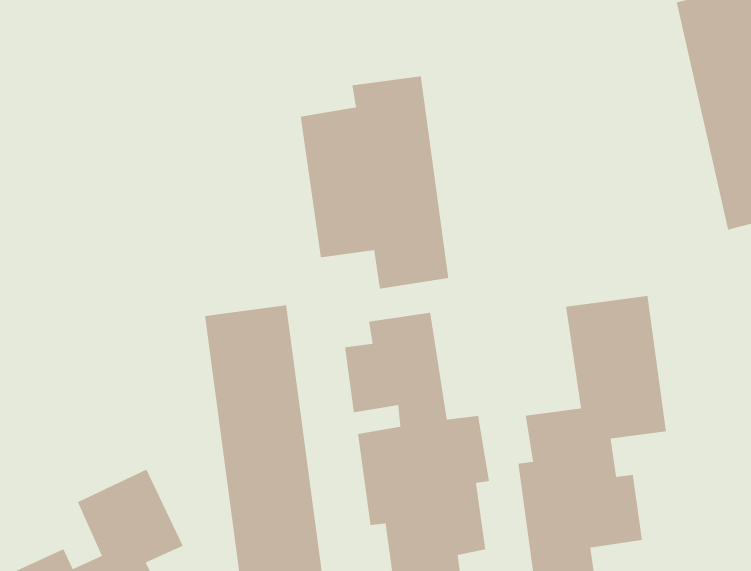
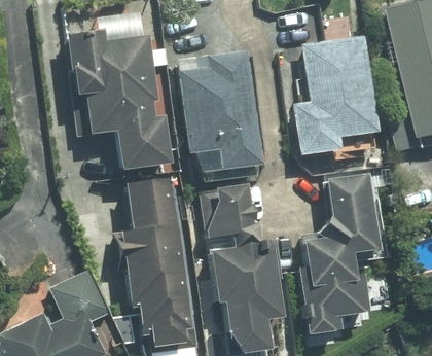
building: none -> [66,34,172,168]
building: none -> [293,36,379,154]

